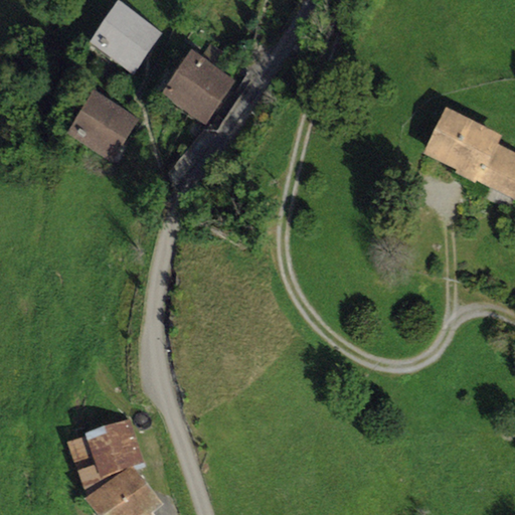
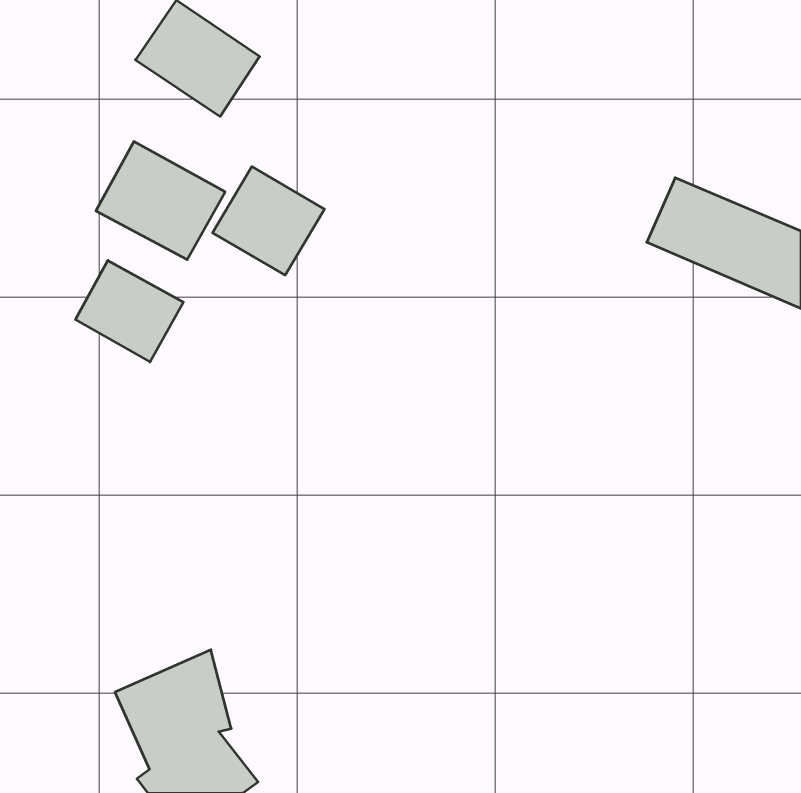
building: [163,50,234,120] -> [213,167,324,275]
building: none -> [76,260,183,362]

